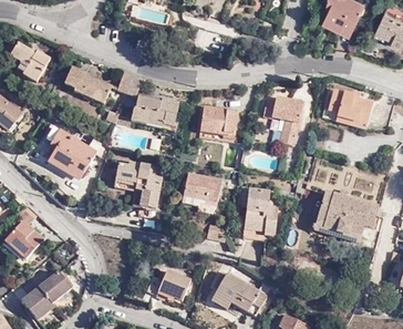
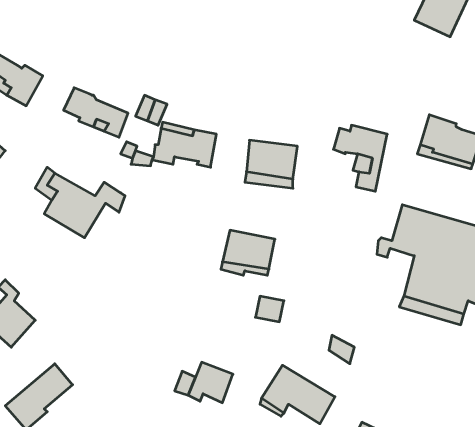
building: [115,162,164,217] -> none
building: [244,189,278,240] -> none

